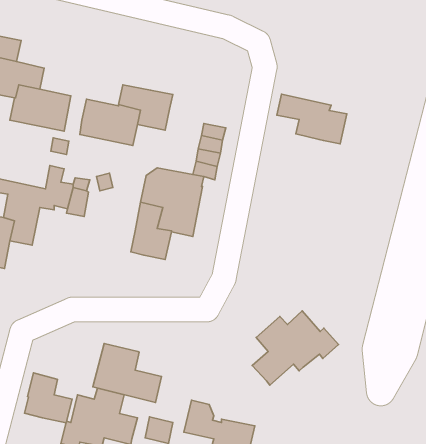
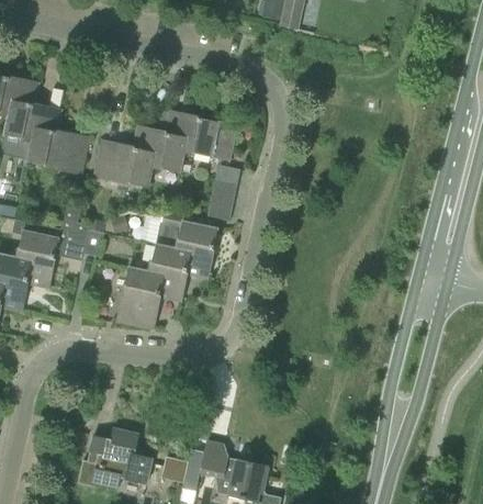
building: [277,94,347,144] -> [166,111,235,160]
building: none -> [117,267,159,326]
building: [252,311,338,385] -> none
building: [93,343,162,402] -> none
building: [25,373,72,423] -> none

